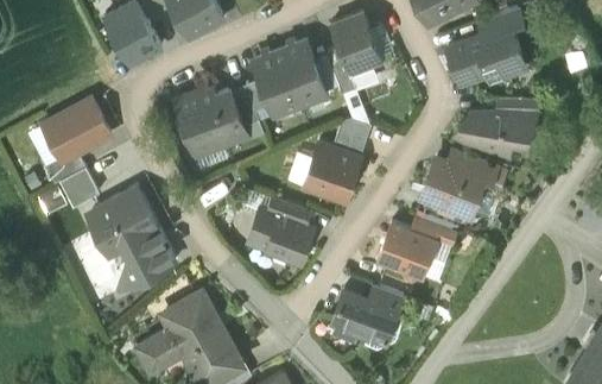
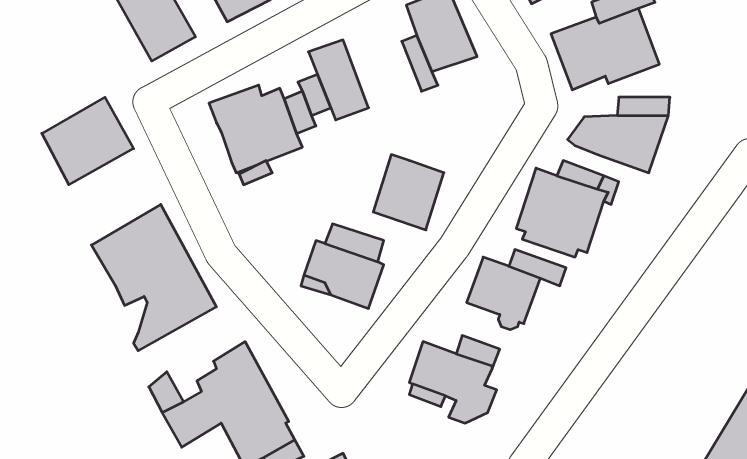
building: [279,42,325,106] -> none
building: [331,119,369,157] -> none
building: [58,169,97,208] -> none

